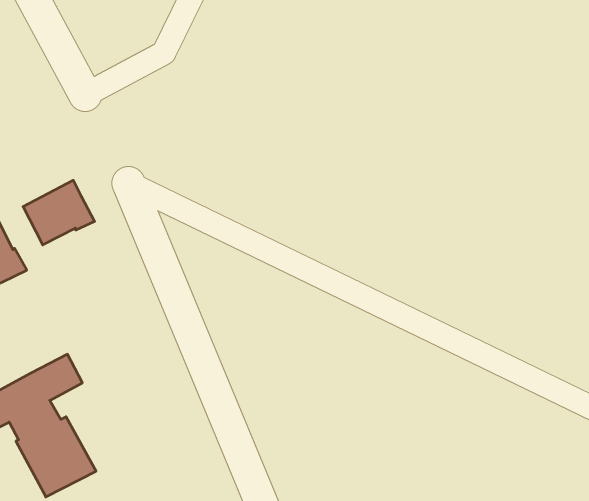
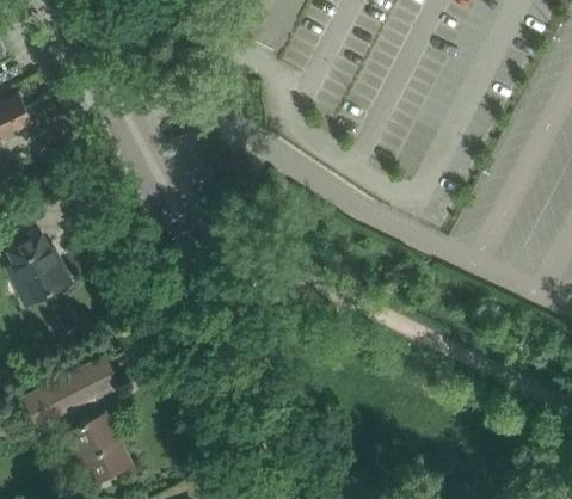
building: [23,180,95,245] -> none

